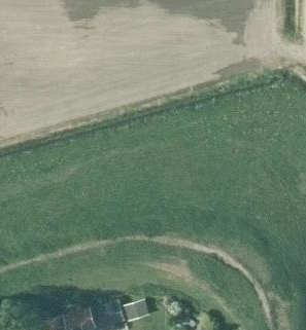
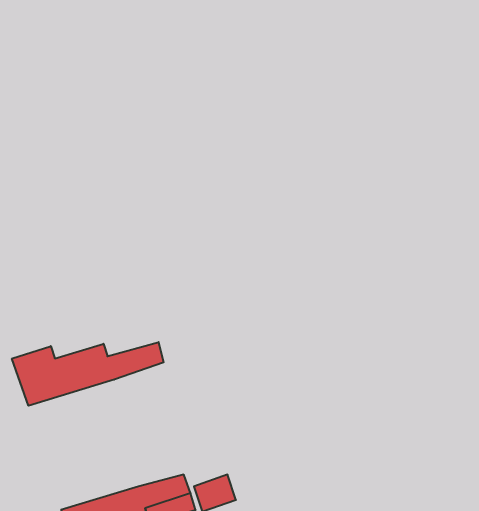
building: none -> [12,342,164,406]

